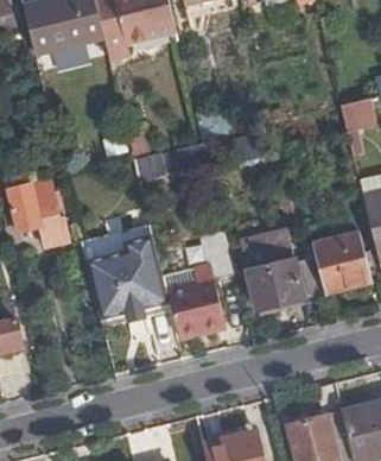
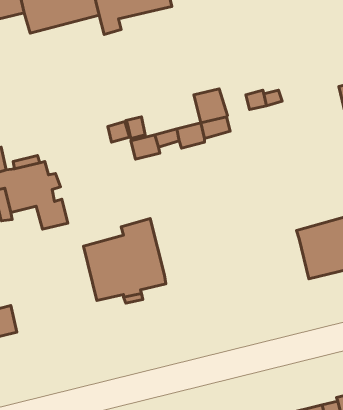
building: [237,228,309,308] -> none
building: [167,233,235,334] -> none

